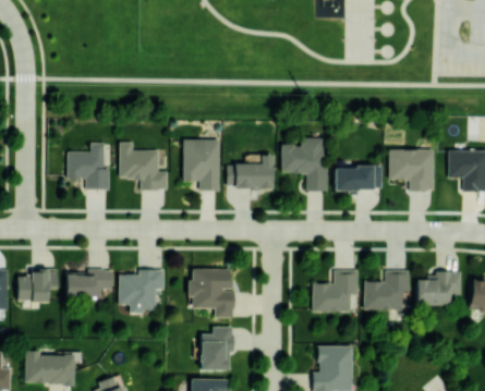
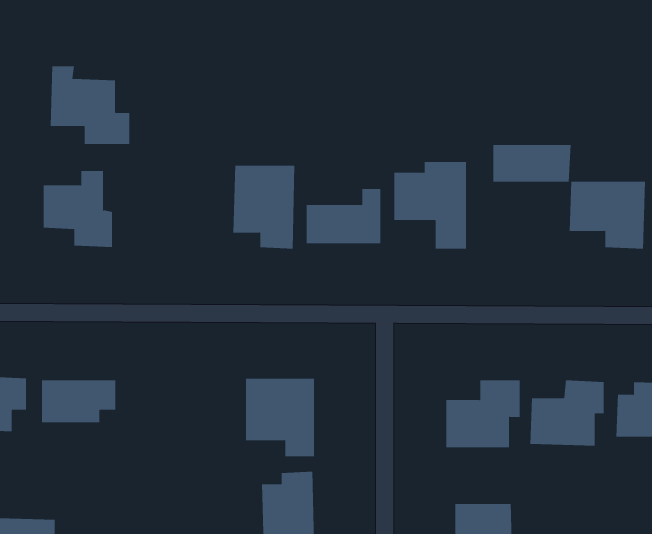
building: [119,142,168,190] -> [50,66,130,145]
building: [335,167,383,190] -> [493,145,571,182]
building: [119,269,165,311] -> none

